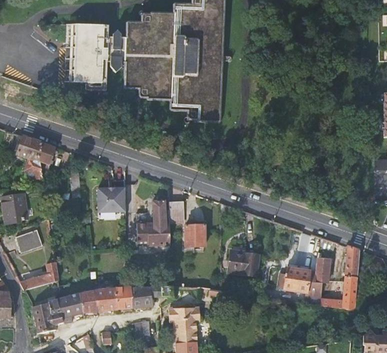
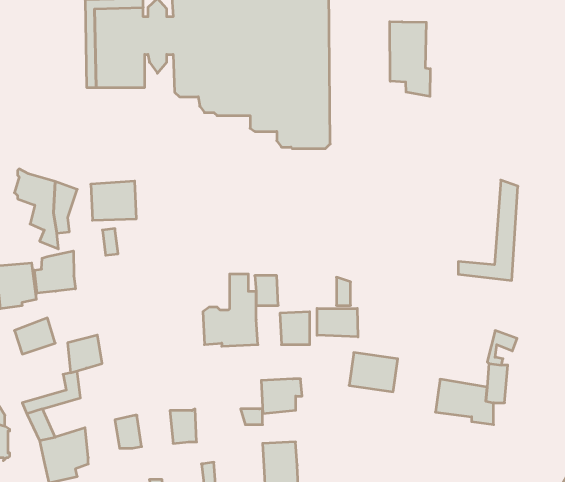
building: none -> [390,22,430,96]
building: none -> [34,251,75,293]
building: [97,186,126,211] -> [91,181,136,220]
building: none -> [317,308,358,337]
building: [321,245,359,309] -> [458,180,518,280]
building: [131,285,157,307] -> [261,379,302,413]
building: [94,287,117,310] -> none
building: [61,293,83,317] -> [68,335,102,373]

